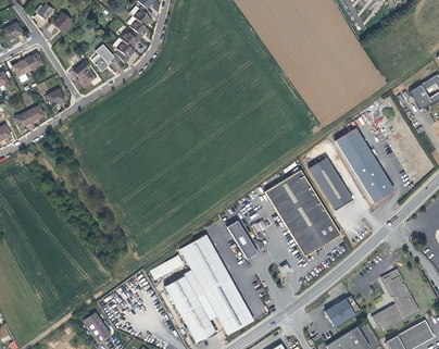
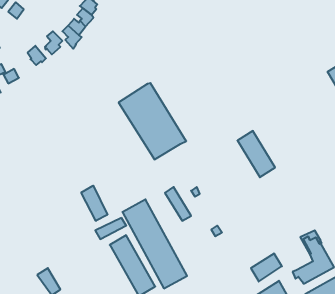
building: [336,129,392,203] -> none
building: [265,171,341,257] -> [119,83,186,159]
building: none -> [81,186,107,221]

